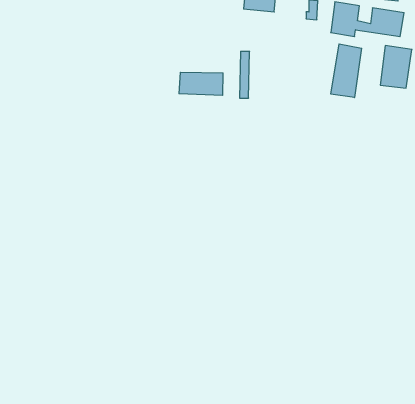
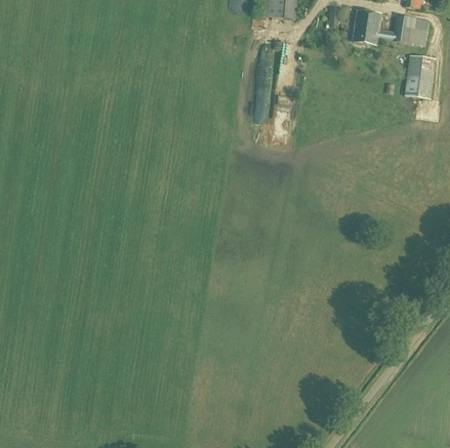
building: [331,44,362,98] -> none
building: [179,72,223,95] -> none

